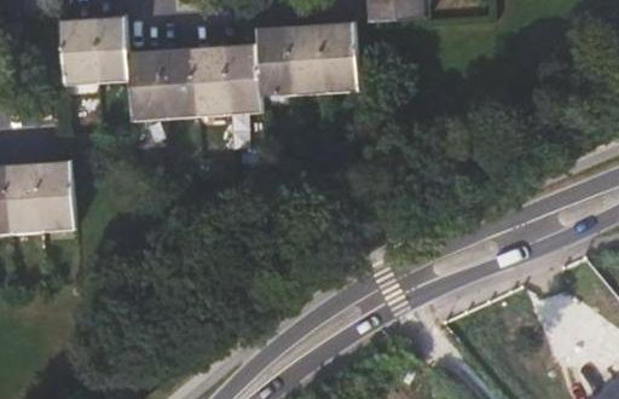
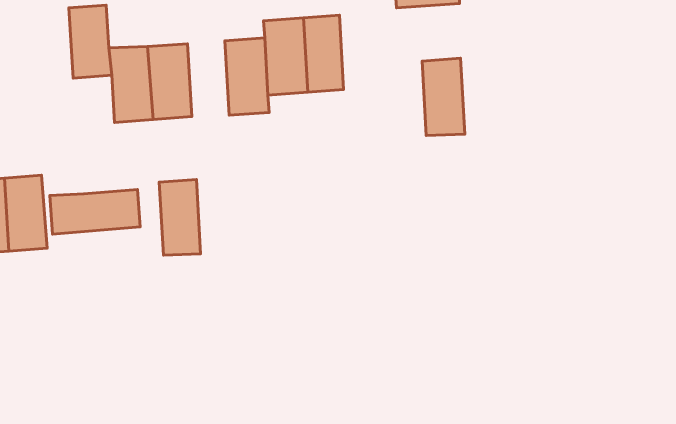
building: [60,21,96,82] -> none
building: [320,24,357,89] -> [422,58,465,136]
building: [192,48,227,112] -> [159,179,201,255]
building: none -> [50,190,140,234]

